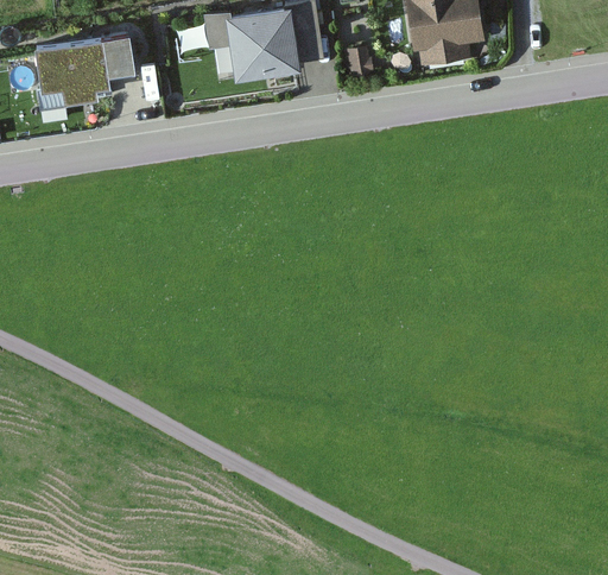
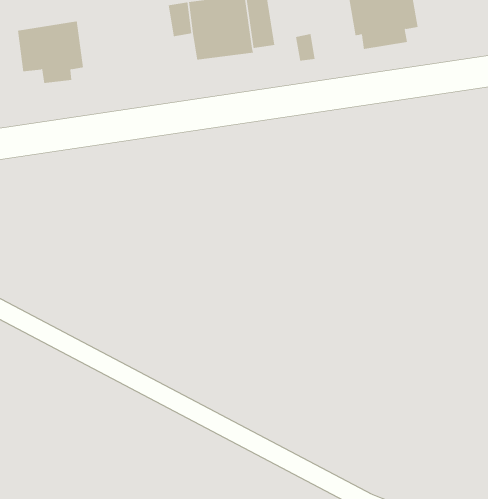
building: [102,32,134,80] -> none

